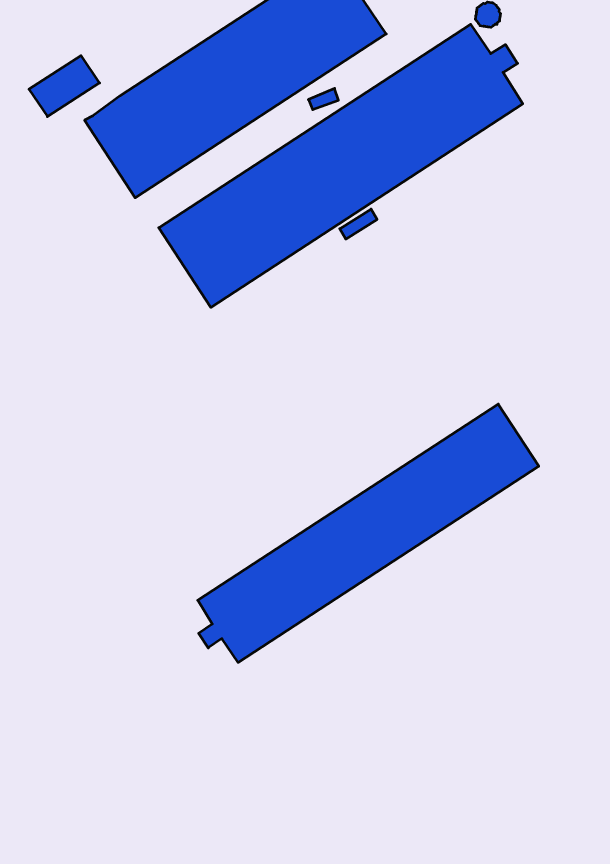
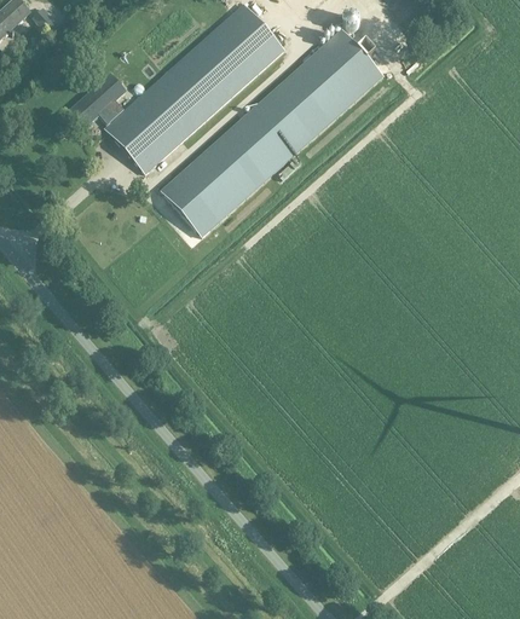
building: [198,404,539,662] -> none

